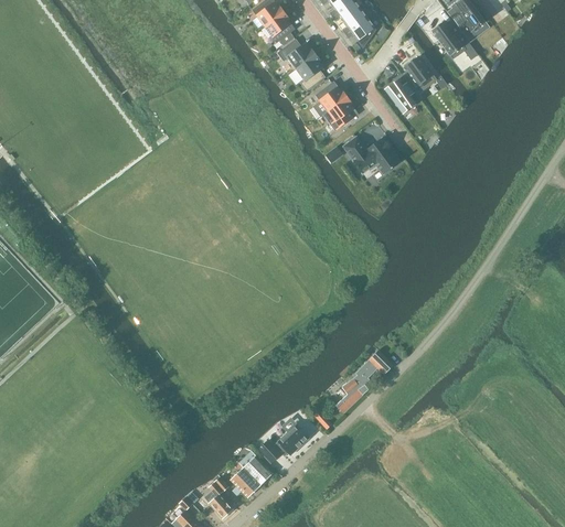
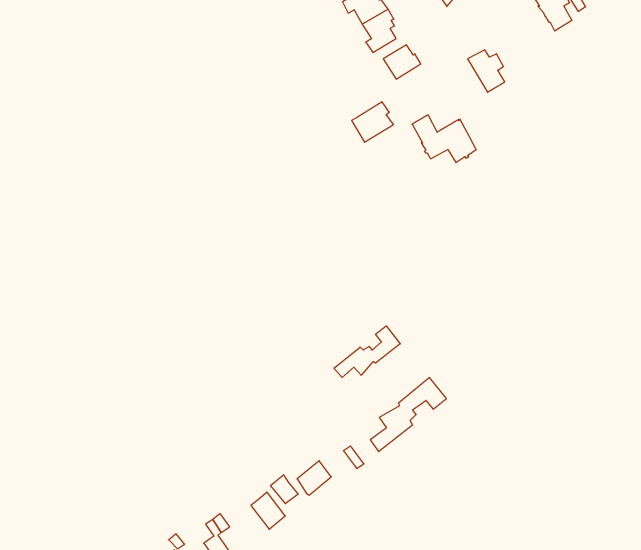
building: [403,55,436,93] -> none
building: [323,95,358,129] -> [352,102,393,142]
building: none -> [334,326,400,377]
building: [231,466,260,496] -> none

